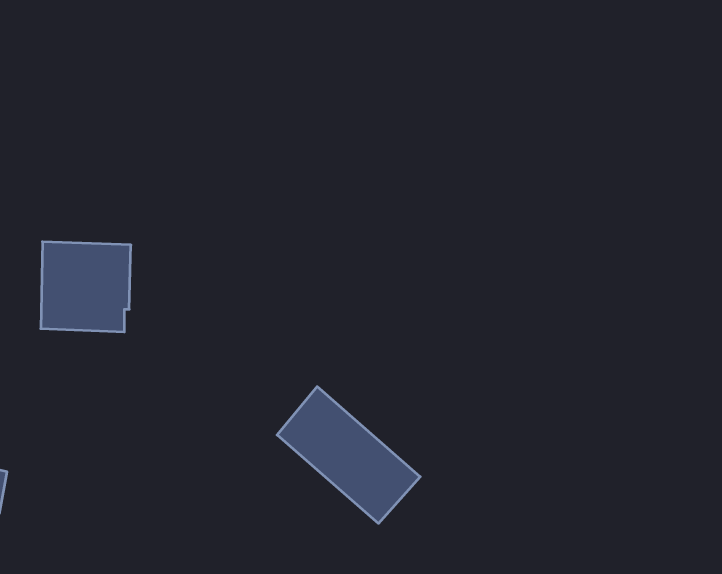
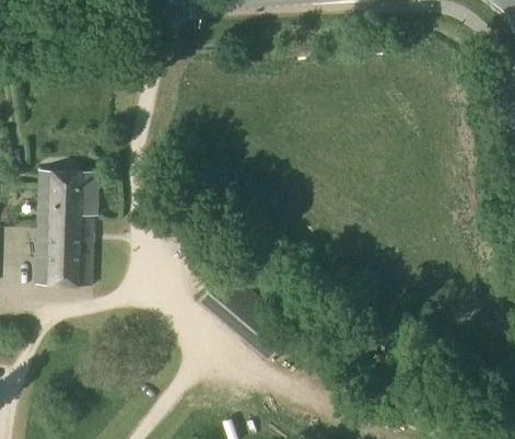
building: none -> [35,229,93,285]

